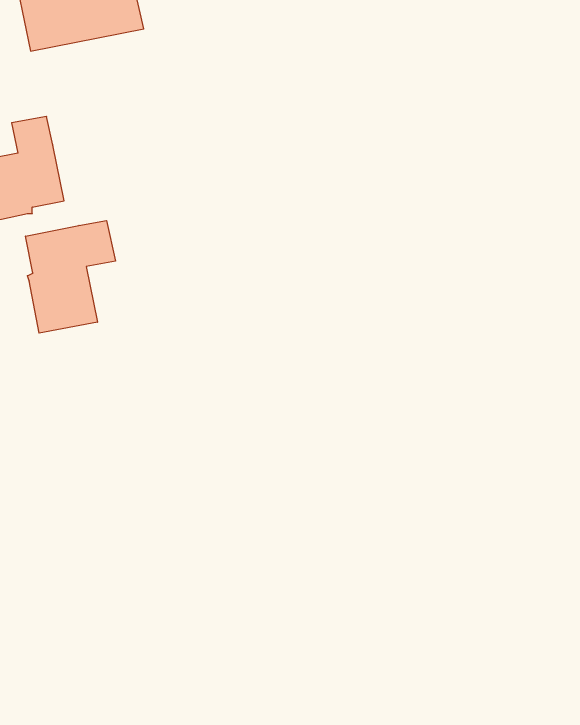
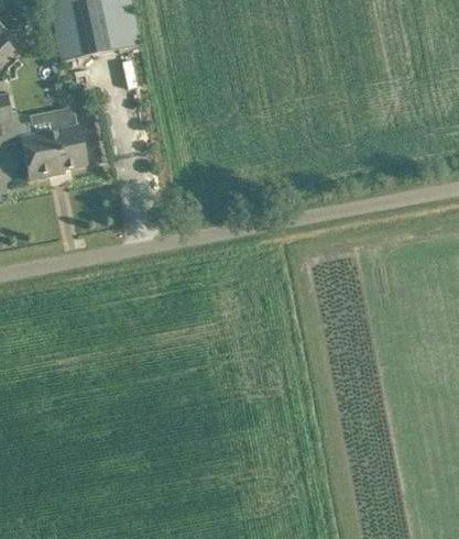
building: [26,221,115,333] -> none

